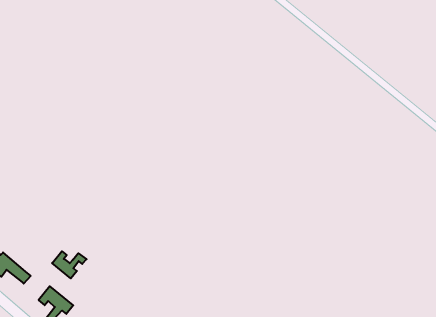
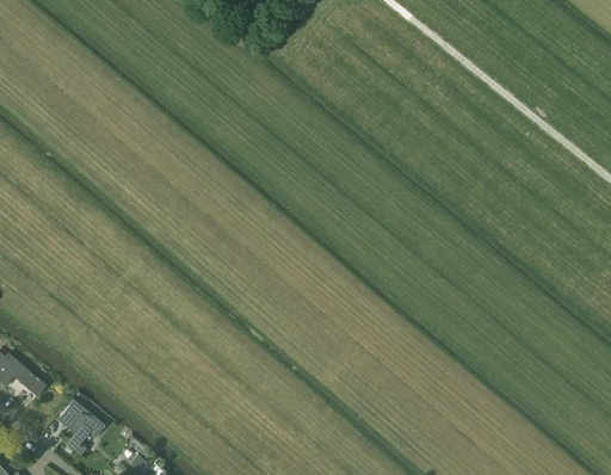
building: [52,251,87,278] -> none

